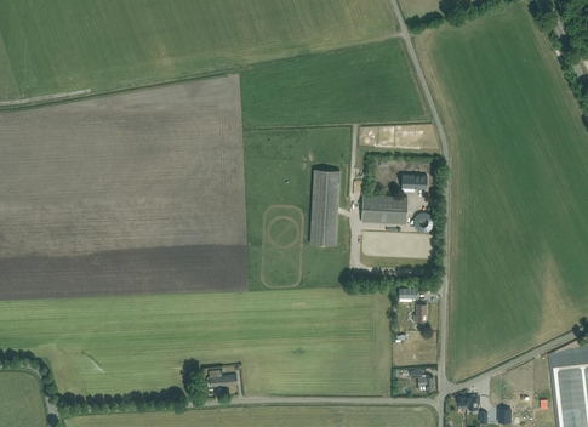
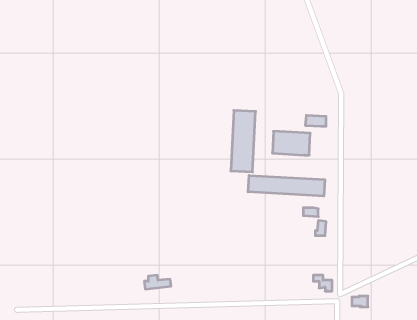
building: none -> [248,175,325,196]

